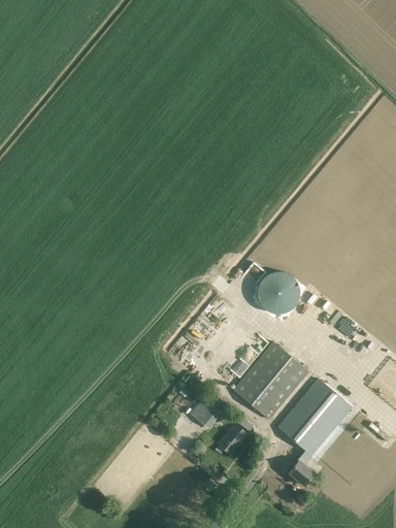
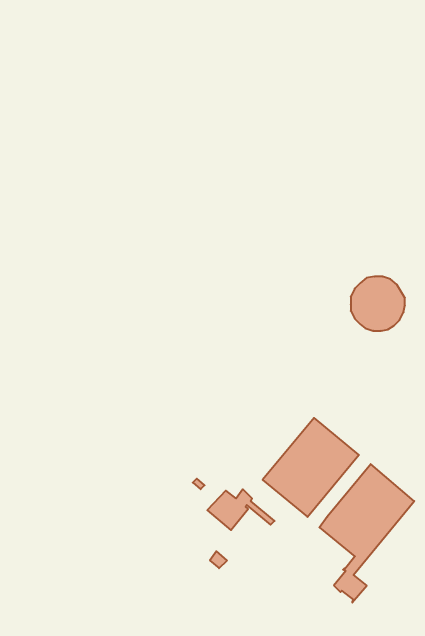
building: [257,271,299,314] -> [351,277,405,331]
building: [218,424,248,455] -> none

